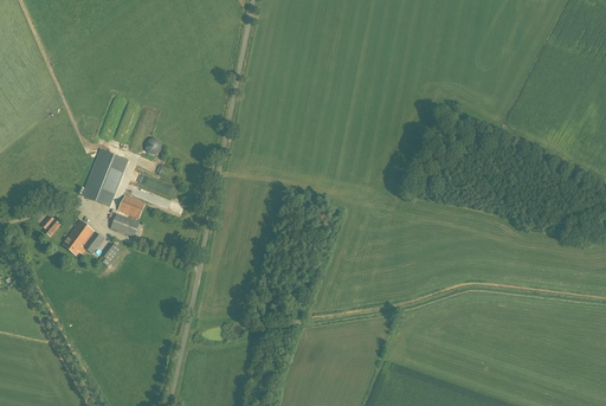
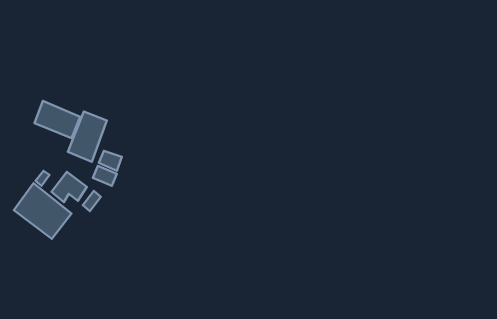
building: none -> [34,101,80,138]
building: none -> [14,183,71,239]

